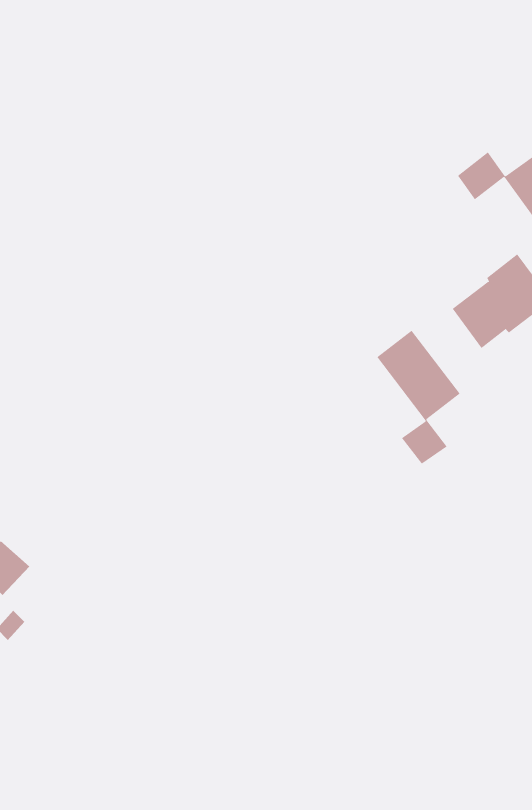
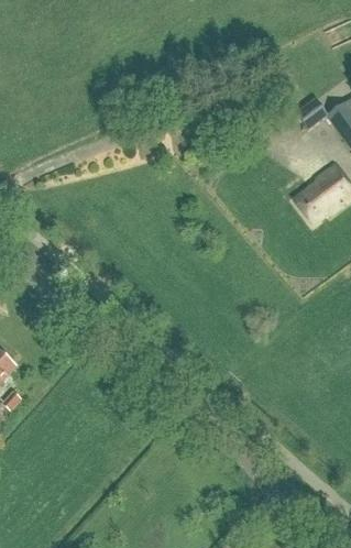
building: [376,330,460,465] -> none

